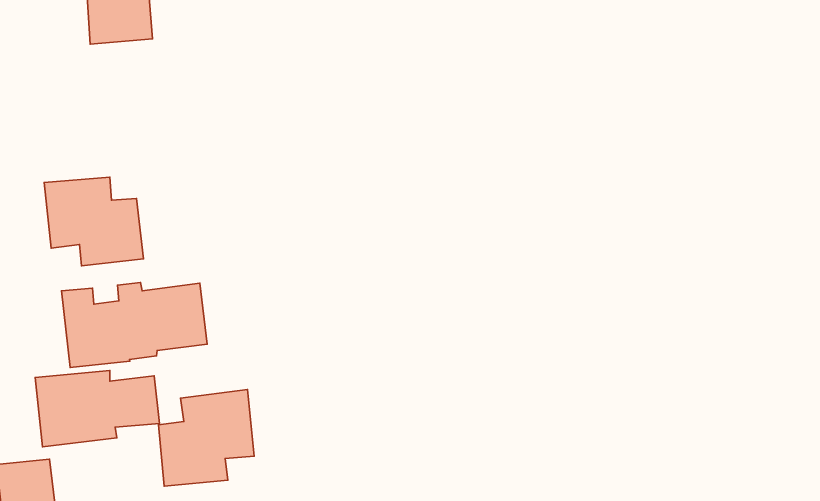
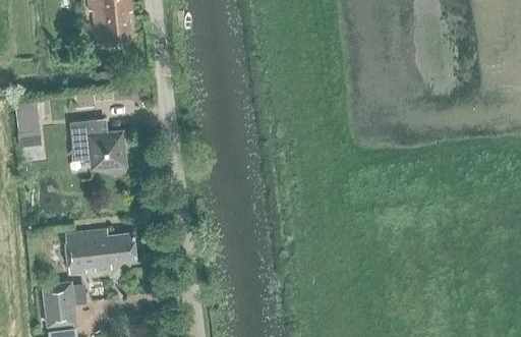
building: [61,282,207,368] -> none
building: [158,389,254,486] -> none

